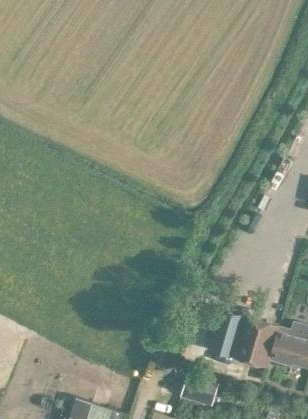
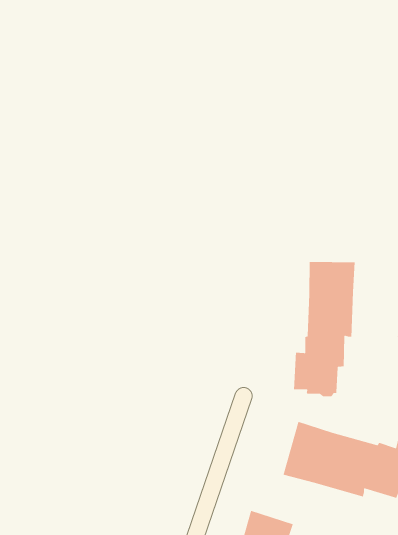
building: none -> [293,261,355,397]

